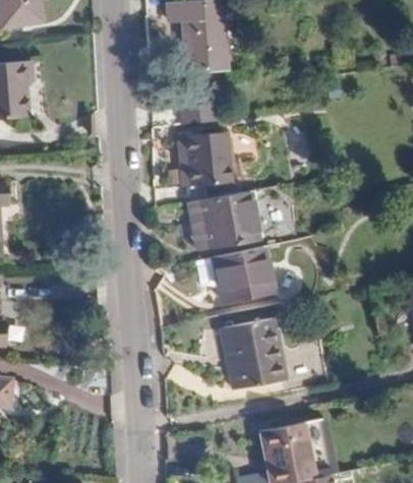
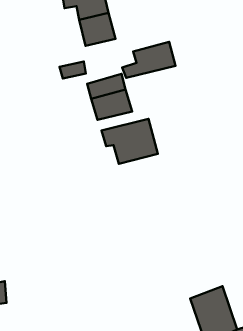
building: none -> [122,42,176,78]
building: [203,249,275,303] -> none
building: [220,323,280,396] -> none

